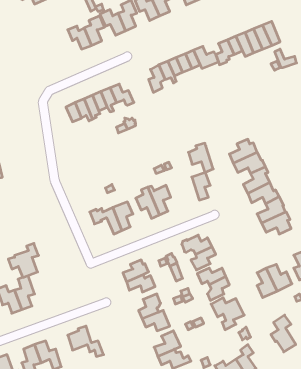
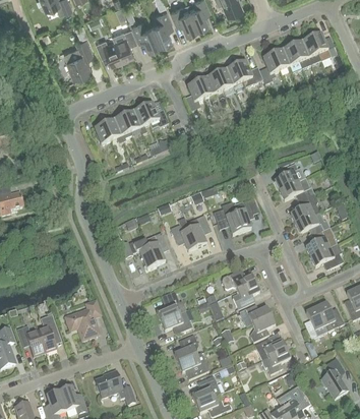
building: none -> [65,39,92,78]
building: [188,143,213,173] -> [214,202,241,235]
building: [8,243,39,277] -> [66,301,100,339]

